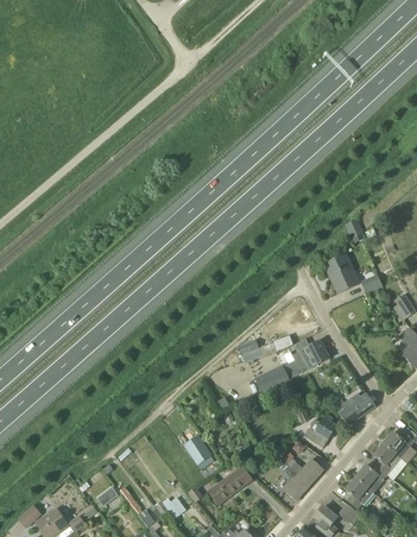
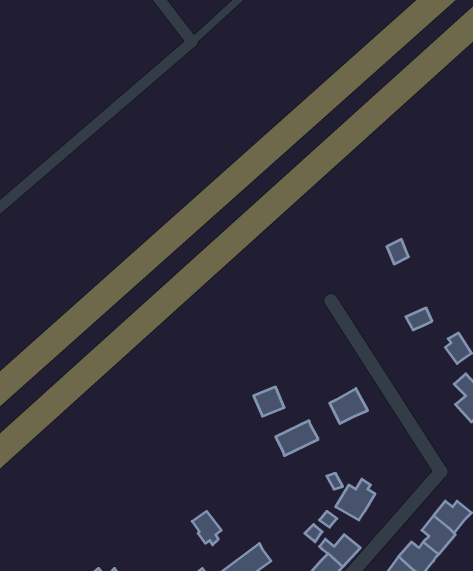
building: [324,254,358,292] -> none
building: [337,392,374,425] -> none

